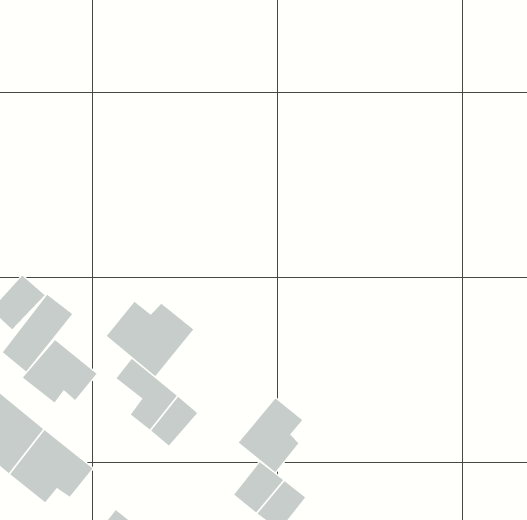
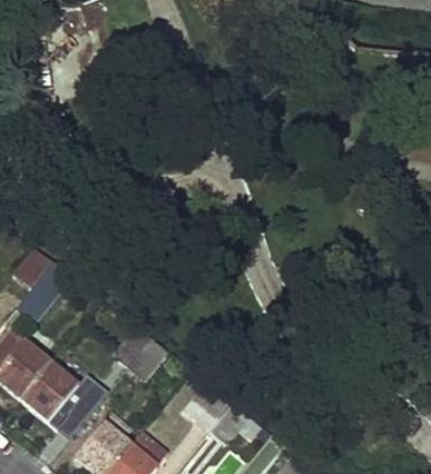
building: [106,301,194,377] -> none
building: [22,339,98,404] -> none
building: [238,398,303,473] -> none

